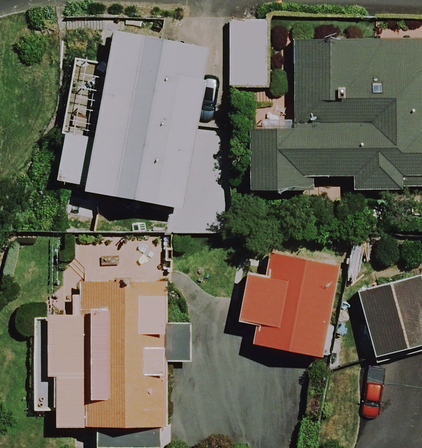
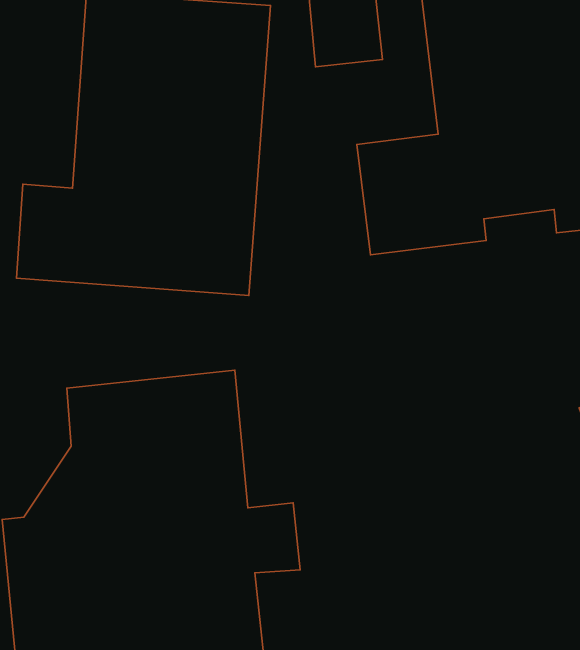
building: [258,255,336,352] -> none

